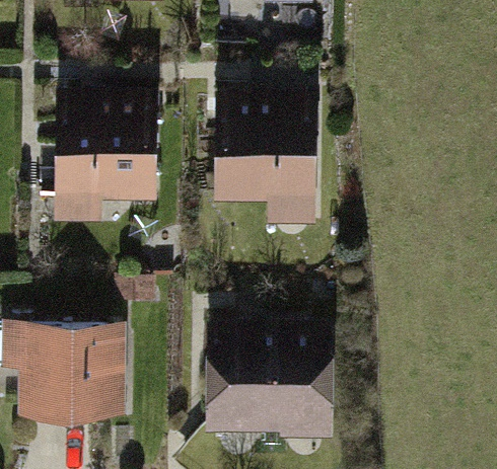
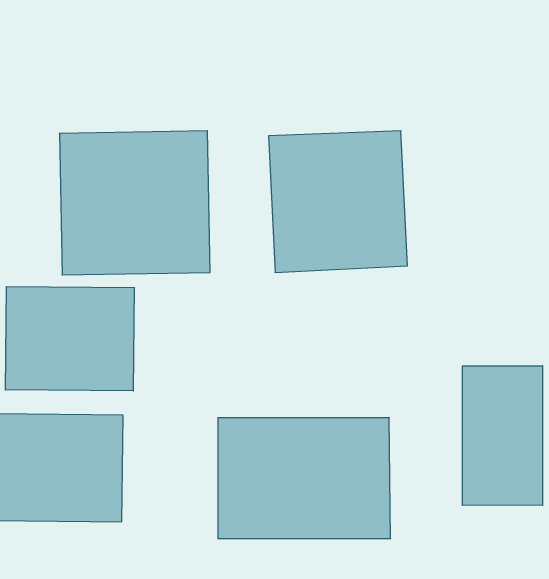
building: none -> [5,287,134,391]
building: none -> [463,366,543,505]

